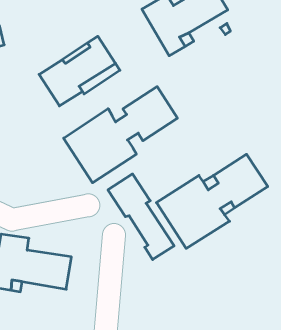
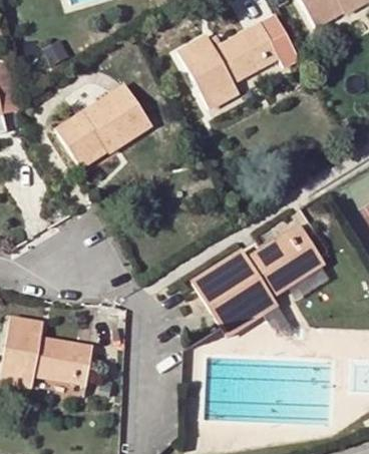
building: [64,87,177,183] -> none
building: [108,174,174,260] -> none

